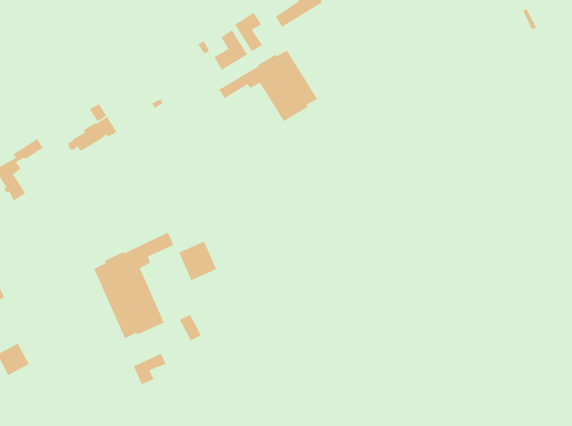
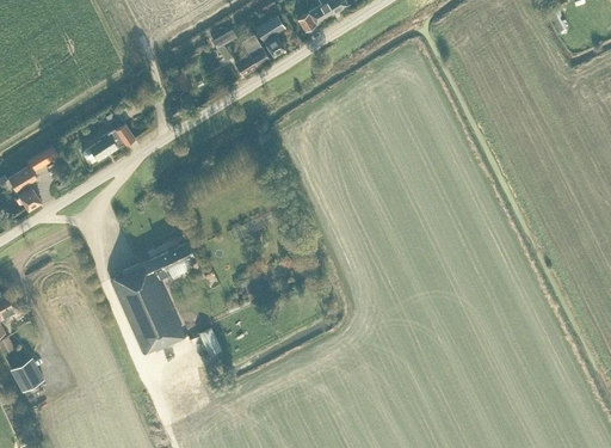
building: [218,49,318,122] -> none
building: [178,240,217,281] -> none
building: [133,353,167,385] -> none

